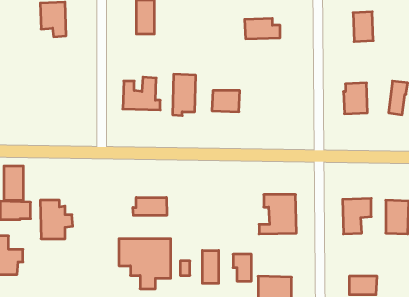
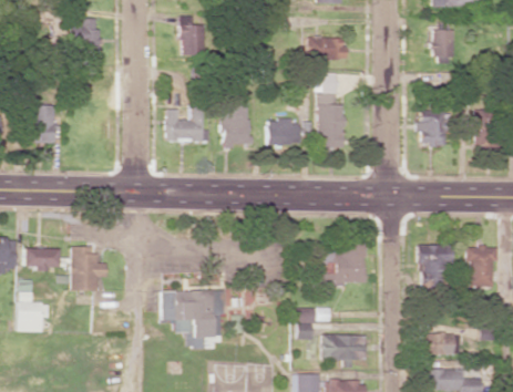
building: none -> [318,72,347,148]
building: none -> [33,105,58,143]
building: [4,166,23,200] -> none
building: [133,197,167,215] -> none
building: [202,250,219,283] -> none

